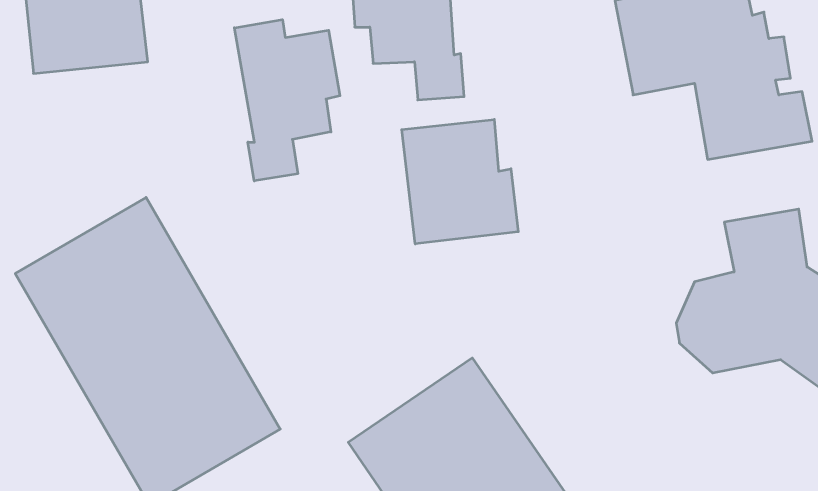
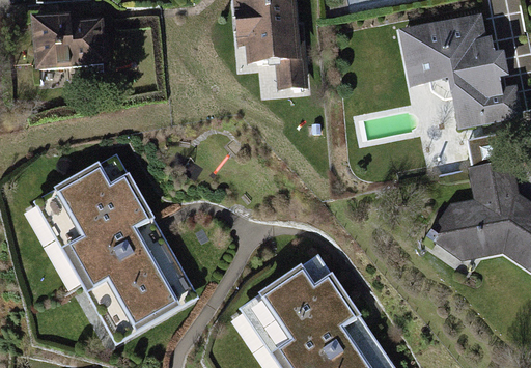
building: [234,20,340,181] -> none
building: [402,119,518,244] -> none

